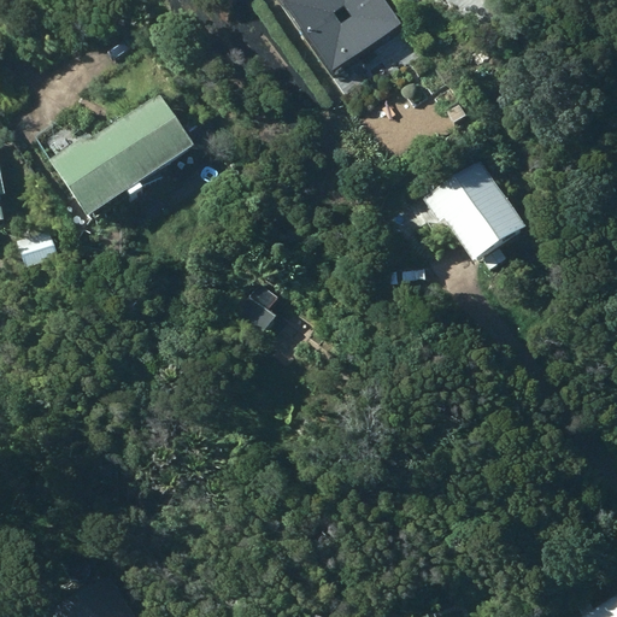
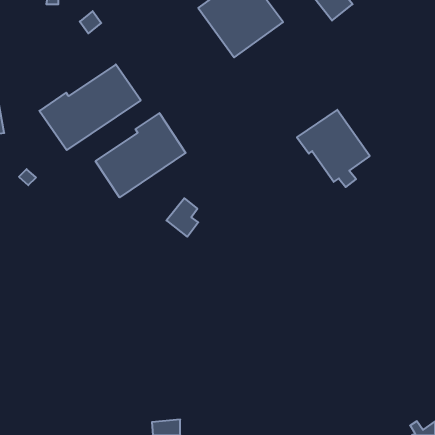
building: none -> [96,113,186,197]

